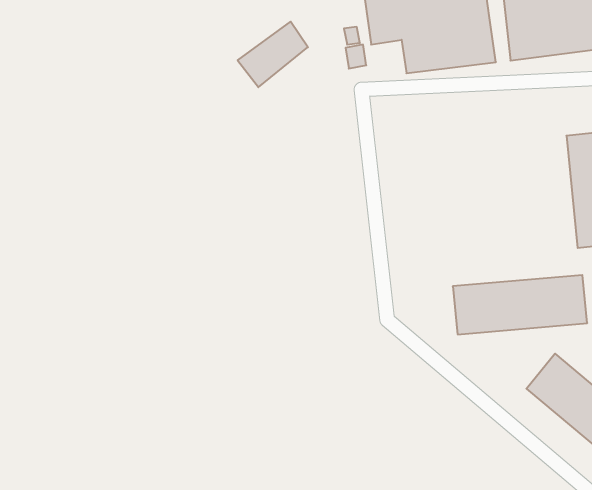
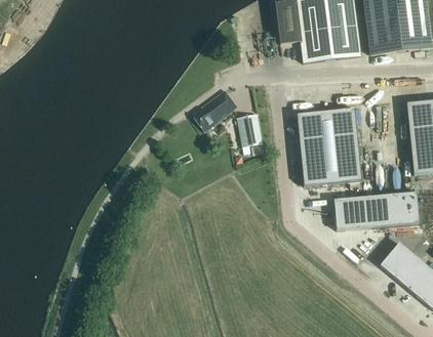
building: [238,22,308,87] -> [192,88,237,130]
building: none -> [297,108,362,184]
building: none -> [237,113,262,145]

